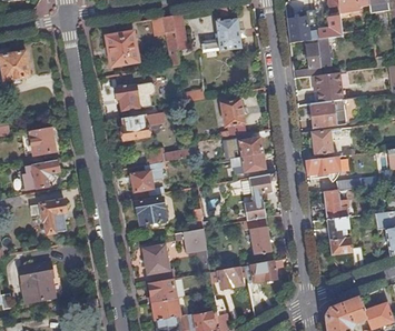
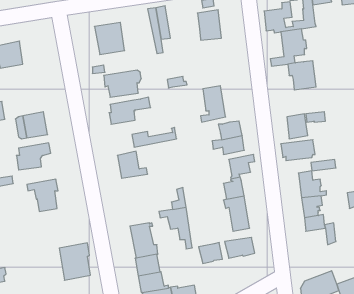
building: [310,100,344,128] -> none
building: [136,197,167,224] -> none
building: [20,262,53,302] -> [59,243,90,280]

